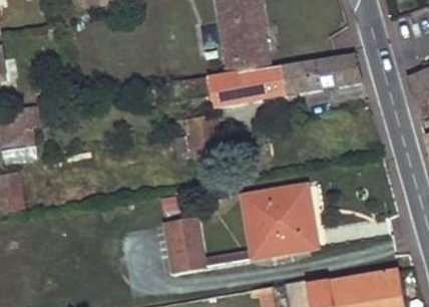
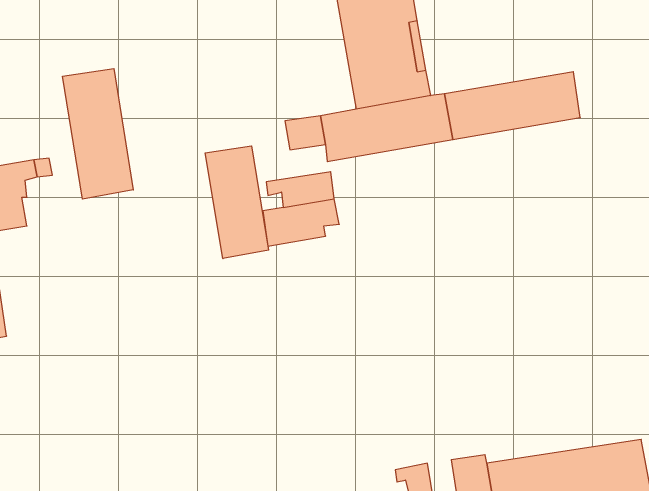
building: none -> [63,69,133,199]
building: none -> [205,146,269,259]
building: [162,184,314,268] -> none

